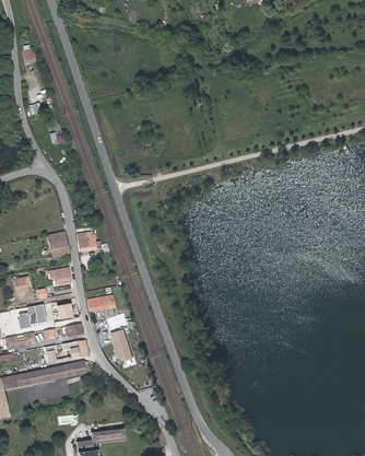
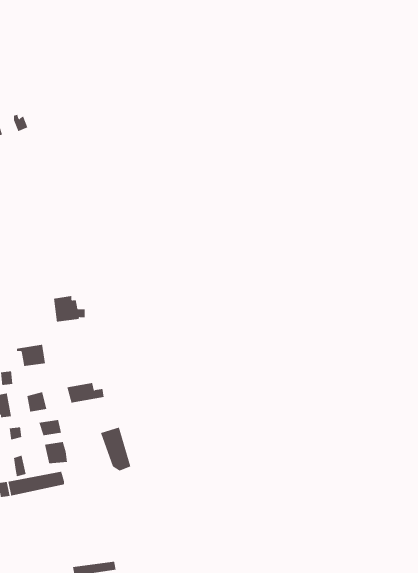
building: [45,230,70,256] -> none

